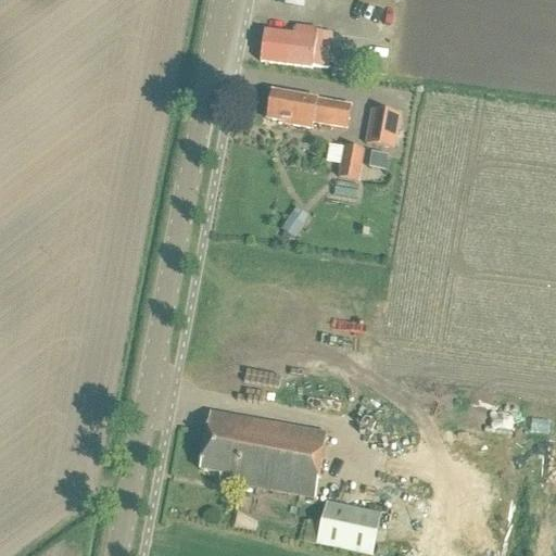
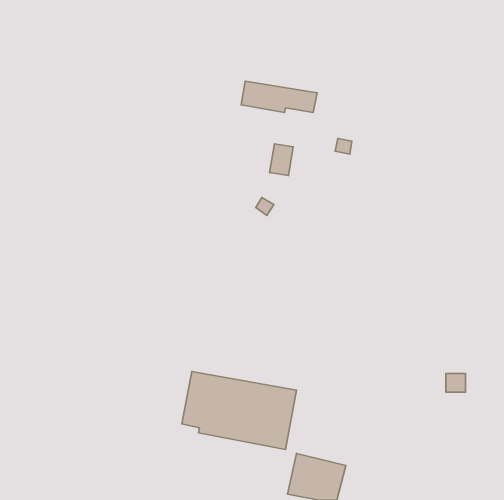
building: [260,24,332,64] -> none
building: [364,104,401,144] -> none
building: [337,144,363,179] -> [270,144,293,175]

